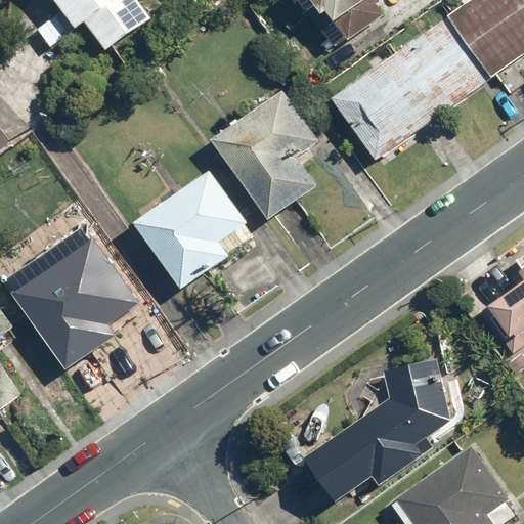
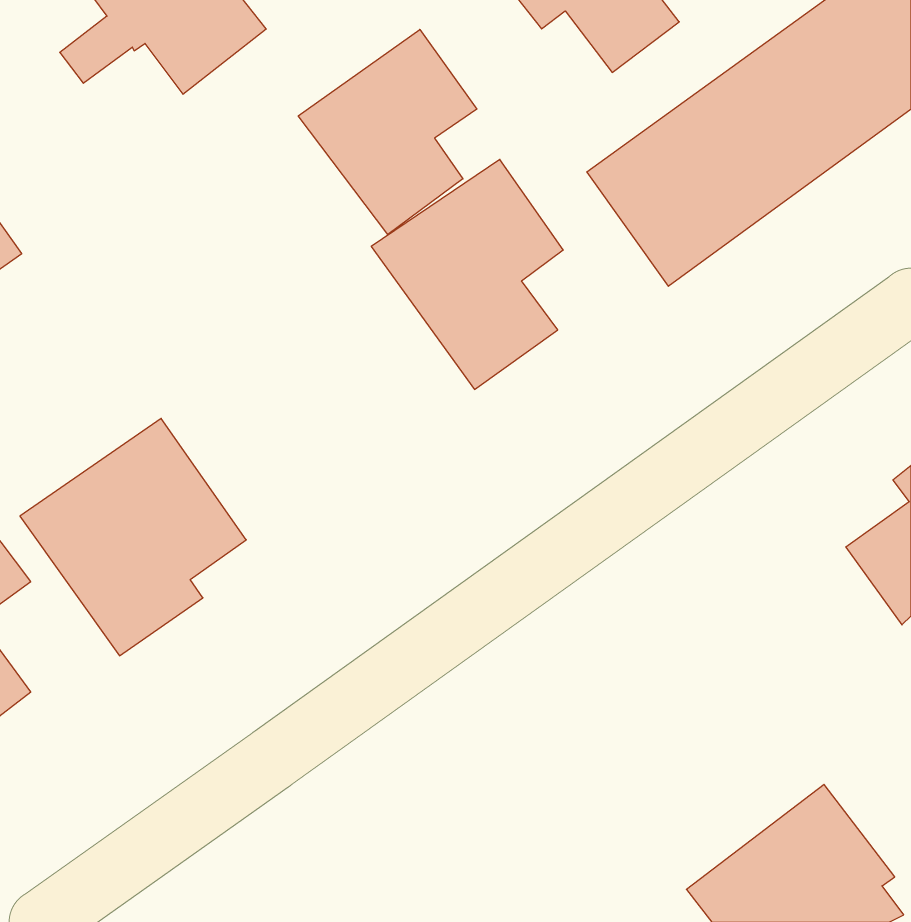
building: none -> [298,29,477,234]
building: [133,171,242,287] -> none
building: [304,357,460,499] -> none

